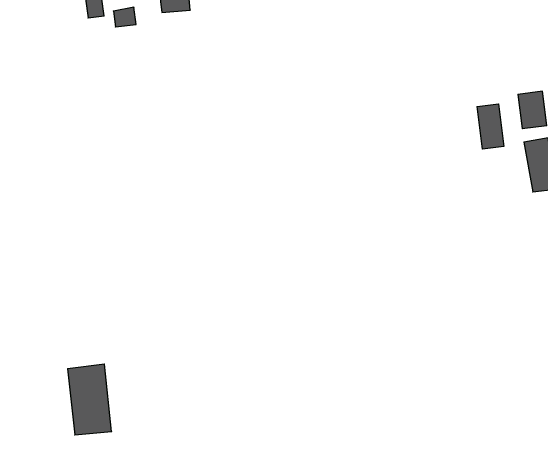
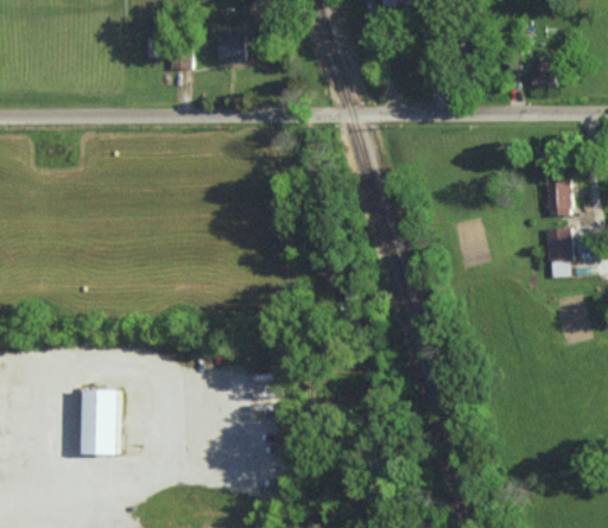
building: [477,104,504,149] -> none

